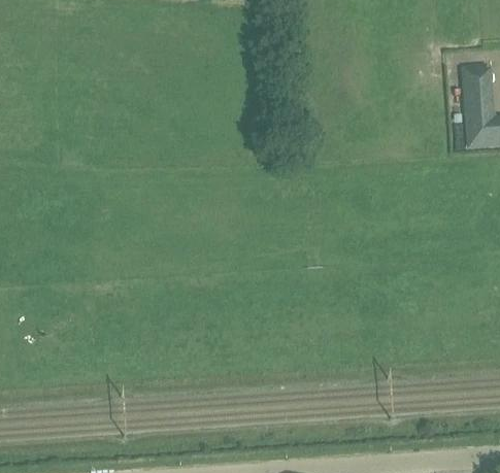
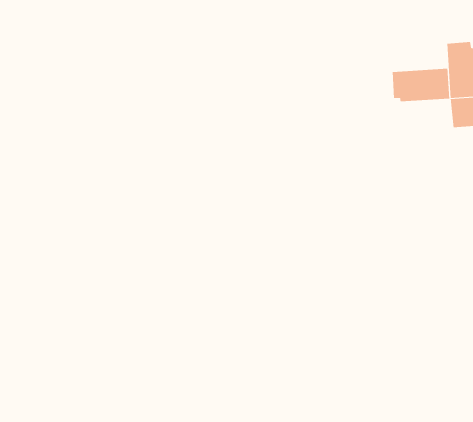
building: none -> [392,68,450,102]

